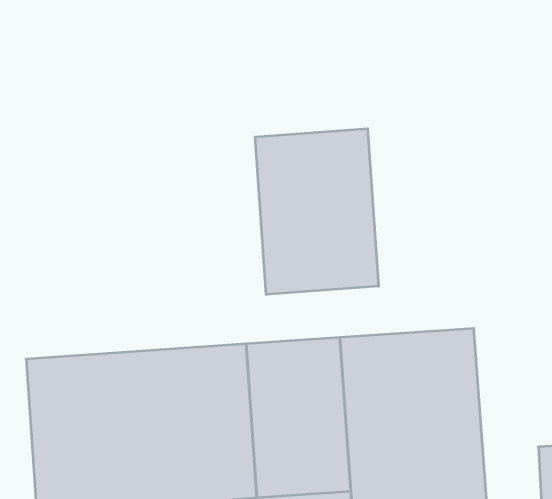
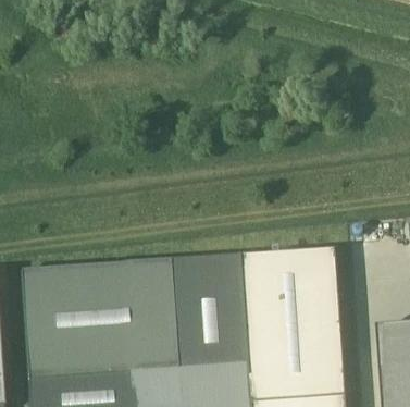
building: [255,129,379,295] -> none

